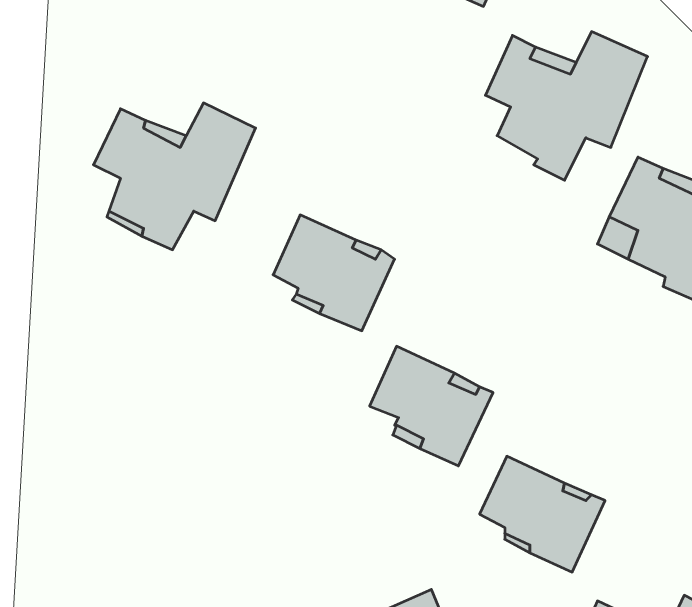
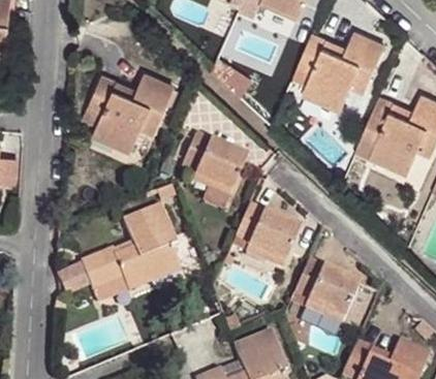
building: none -> [76,206,175,289]

